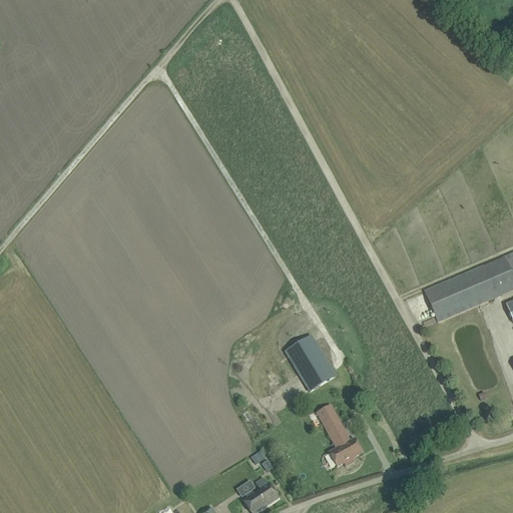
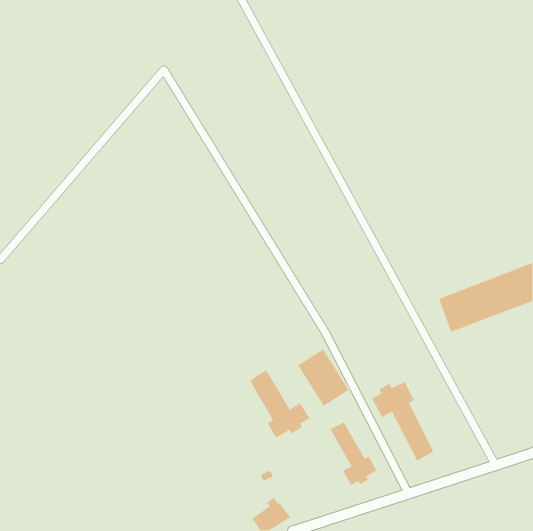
building: none -> [249,369,310,439]
building: none -> [371,381,434,462]

